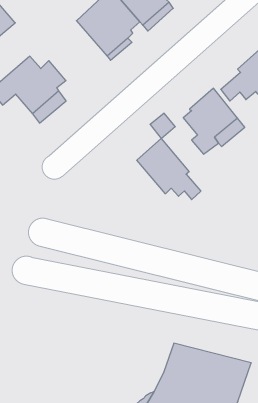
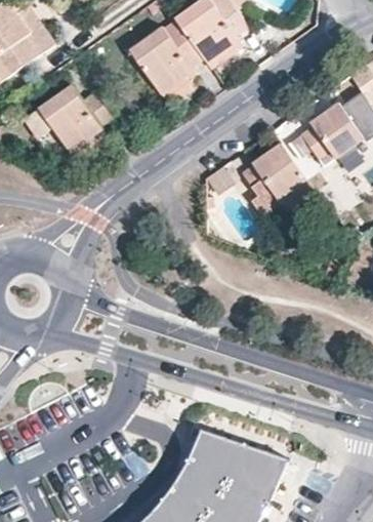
building: [137,139,201,200] -> none

